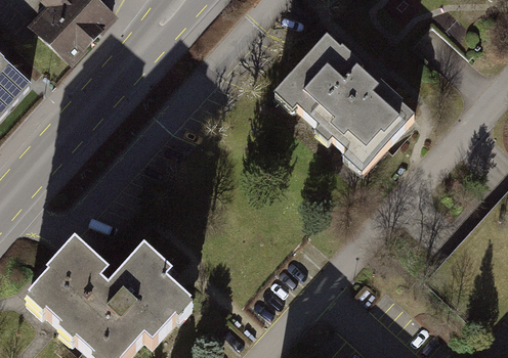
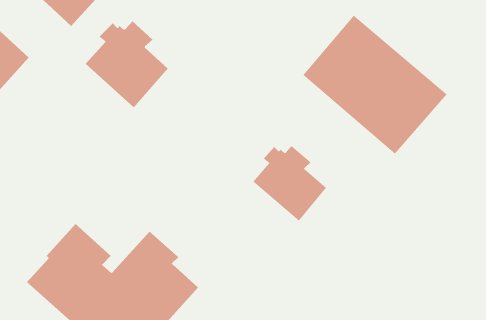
building: none -> [85,21,169,108]
building: none -> [252,145,327,222]

